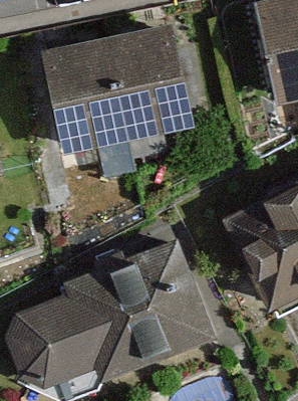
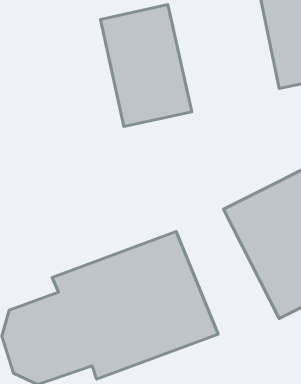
building: [40,36,134,181] -> none

